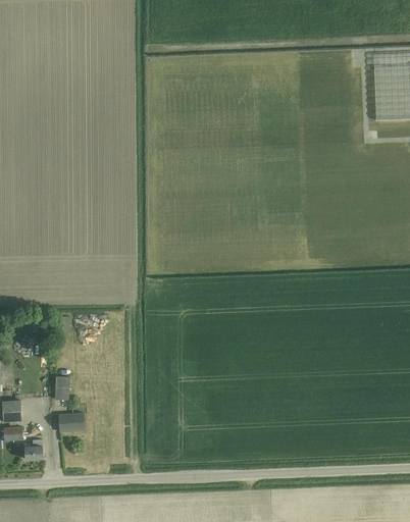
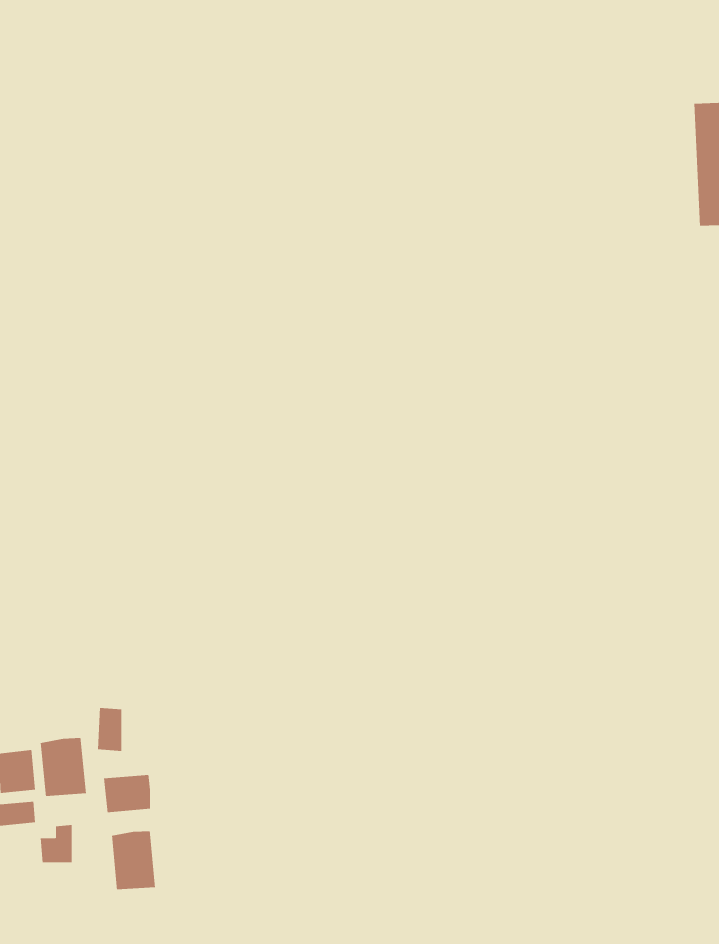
building: none -> [40,737,86,797]
building: none -> [112,830,155,890]

